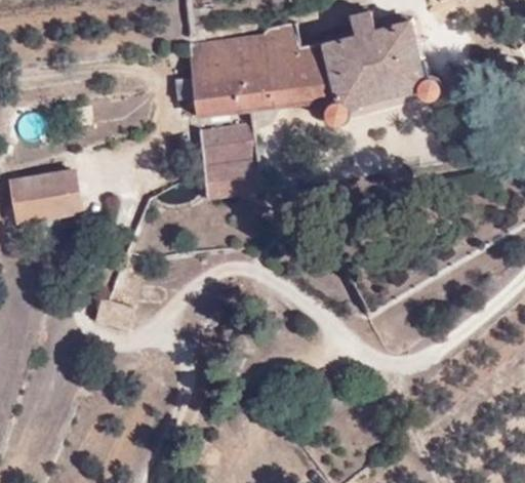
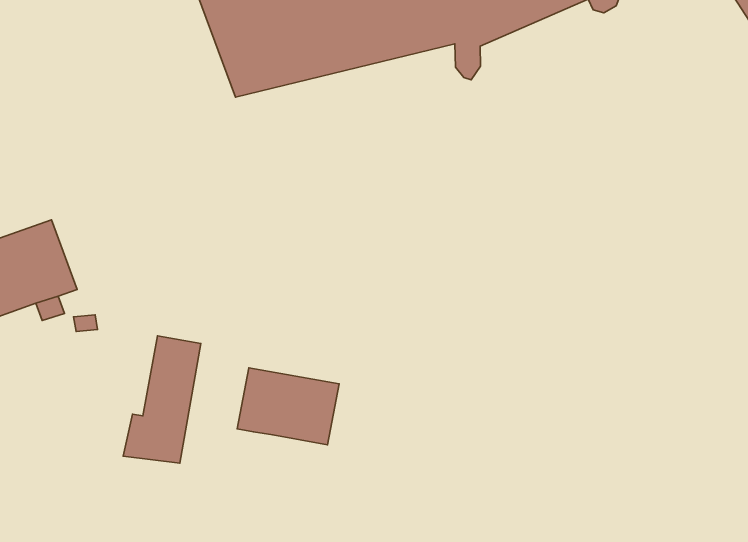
building: [201,124,266,196] -> none
building: none -> [237,368,339,445]

